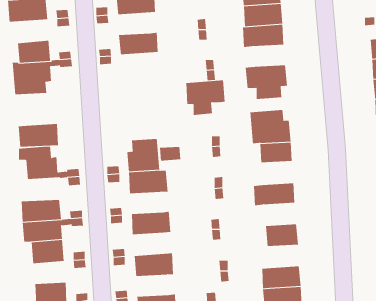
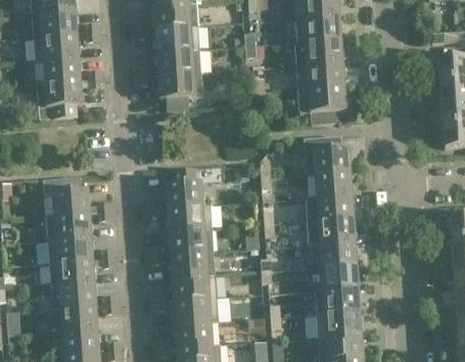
building: none -> [154,26,199,51]
building: none -> [33,34,78,60]
building: none -> [306,62,343,87]
building: [185,80,226,115] -> [157,71,202,110]
building: [18,124,59,147] -> [44,212,90,238]
building: none -> [305,193,353,221]
building: none -> [168,228,213,253]
building: none -> [318,240,356,266]
building: none -> [171,273,217,300]
building: none -> [314,287,359,314]
building: none -> [59,306,97,331]
building: none -> [175,321,212,346]

